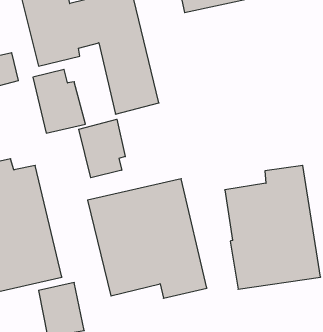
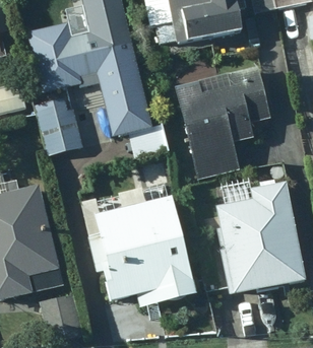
building: none -> [179,65,270,178]
building: [79,119,125,178] -> none

